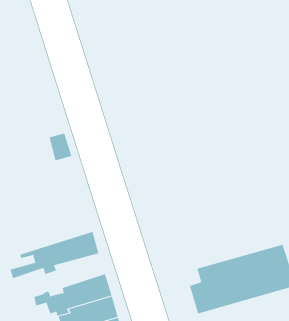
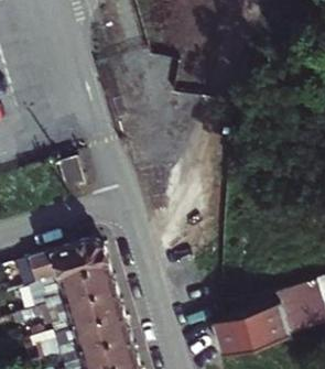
building: none -> [15,239,109,290]
building: none -> [14,287,122,337]

